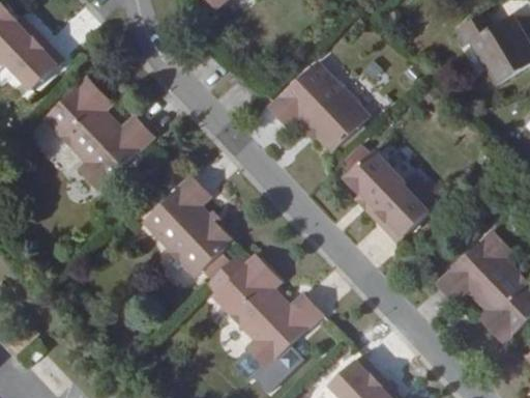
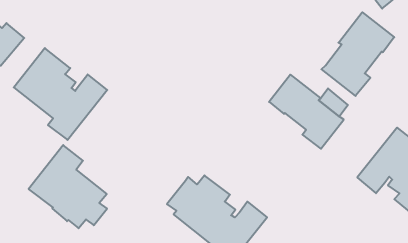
building: [268,61,369,153] -> none
building: none -> [321,12,394,96]
building: [141,175,233,277] -> [29,145,107,228]

